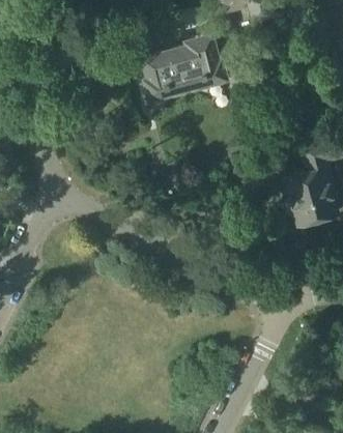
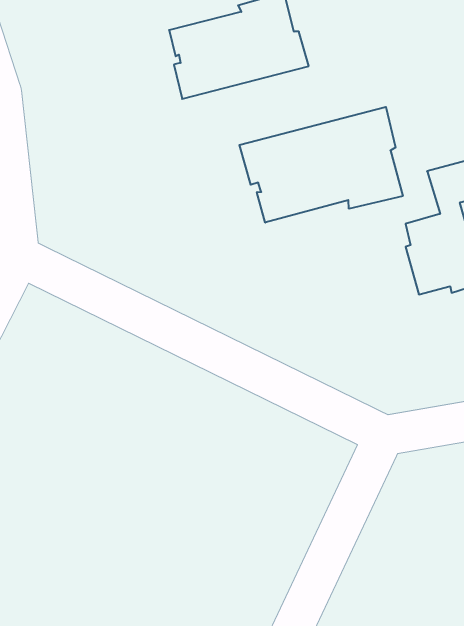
building: none -> [239,107,403,223]

